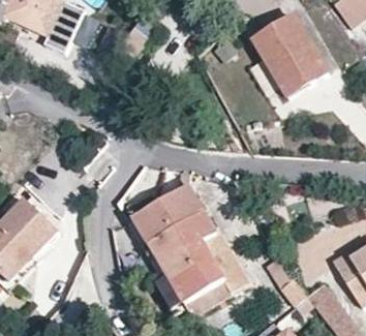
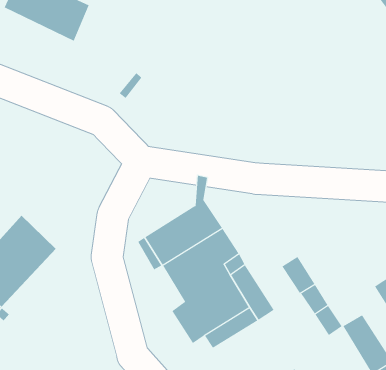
building: [255,14,333,97] -> none

